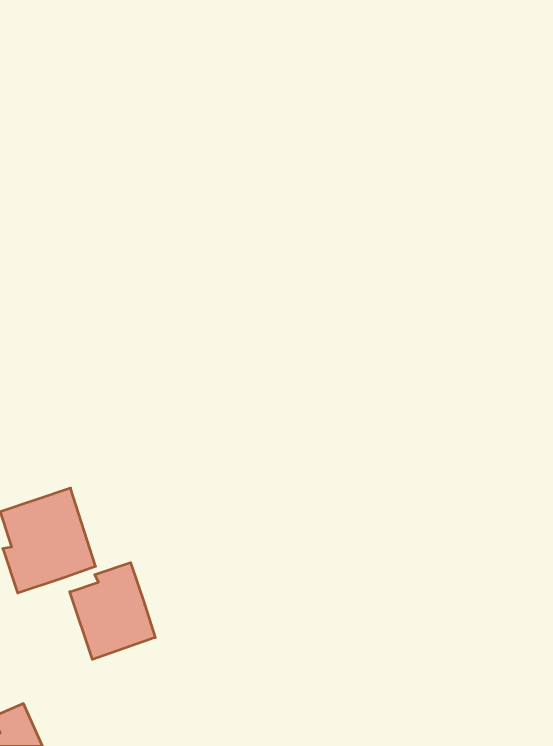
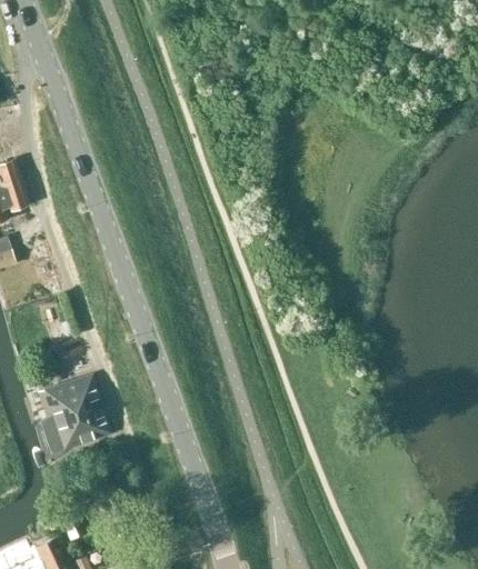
building: [70,563,155,659] -> none

